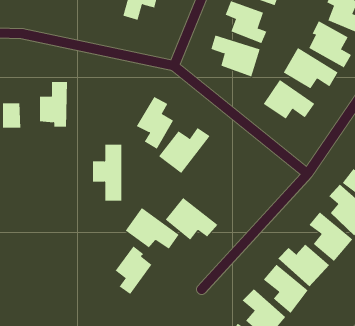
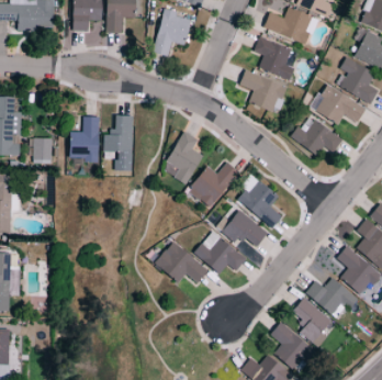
building: none -> [235,176,282,228]
building: [92,144,122,201] -> [103,115,133,171]
building: none -> [217,210,268,247]
building: [115,246,152,295] -> none

